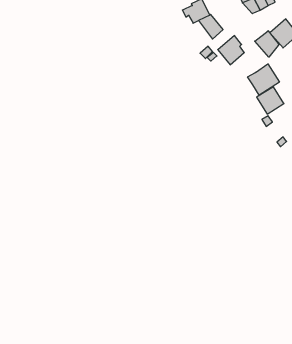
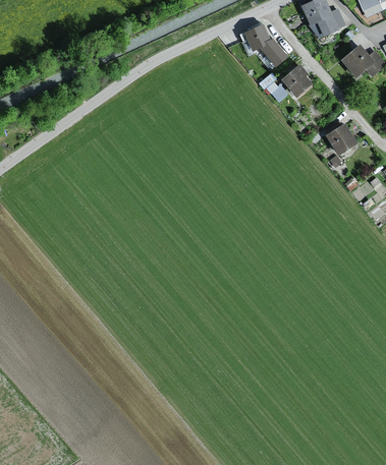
building: [255,31,279,57] -> none
building: [248,64,279,95] -> none

